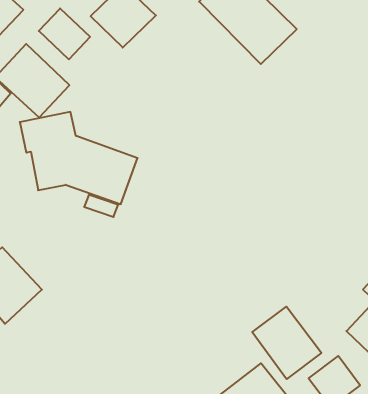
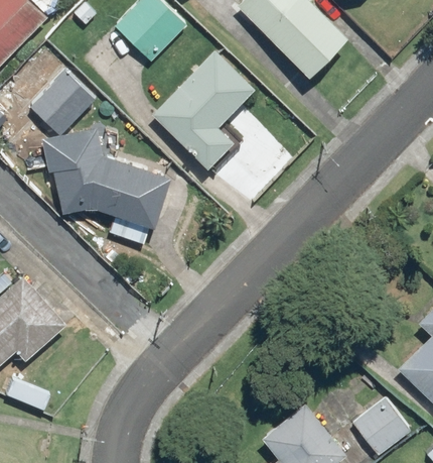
building: [39,8,90,59] -> none
building: none -> [153,51,254,168]
building: [252,307,321,379] -> none

